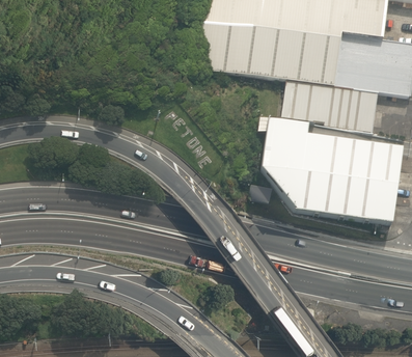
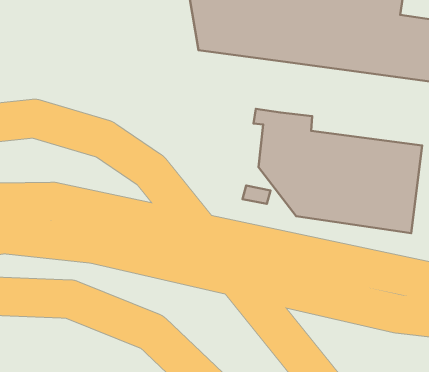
building: [280,78,378,132] -> none

